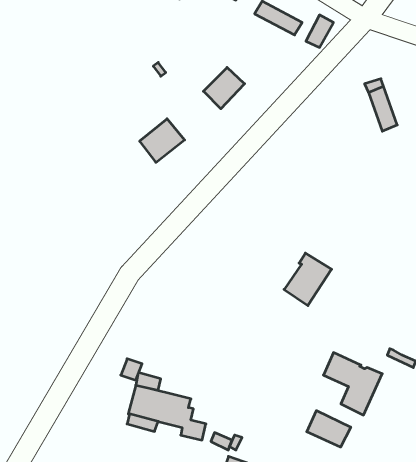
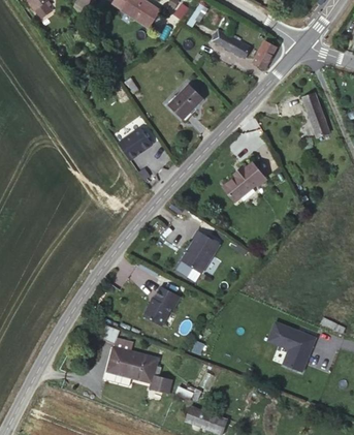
building: none -> [222,162,265,201]
building: [284,253,332,306] -> [181,230,220,274]
building: none -> [142,286,180,325]
building: [307,411,351,447] -> none

